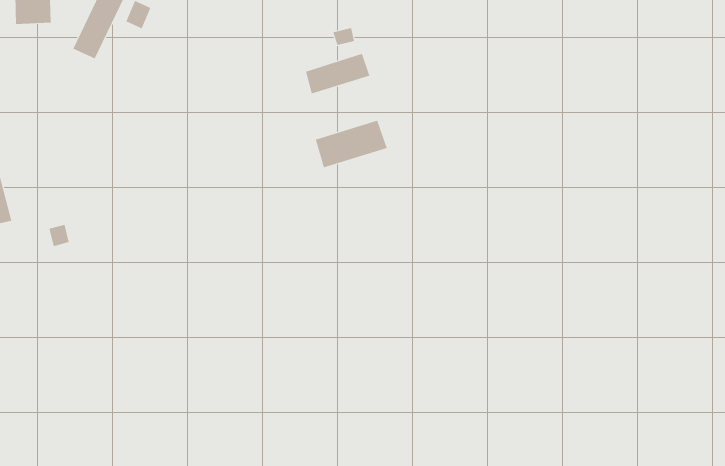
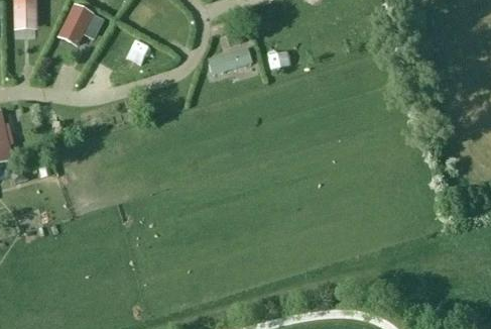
building: [315,120,387,168] -> none

